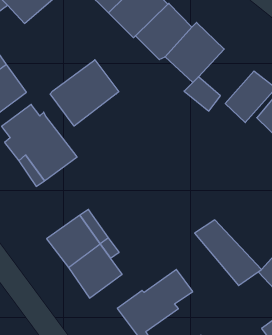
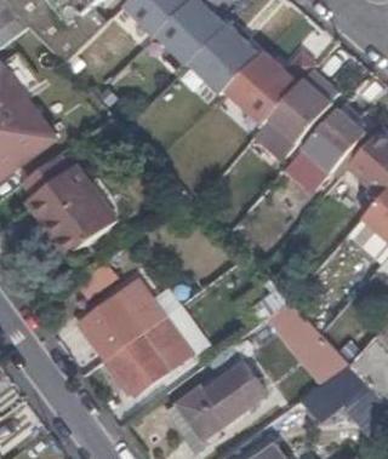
building: none -> [269,79,332,142]
building: [50,60,119,126] -> none

